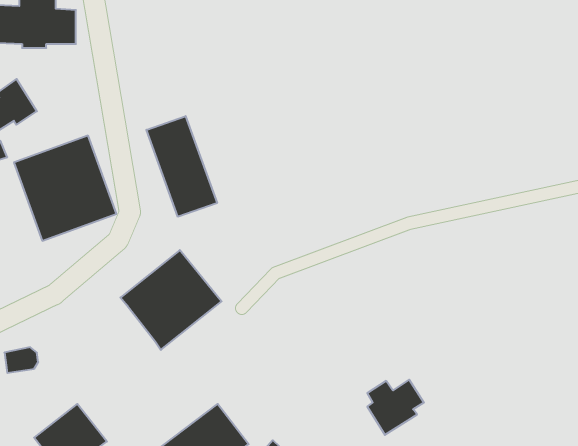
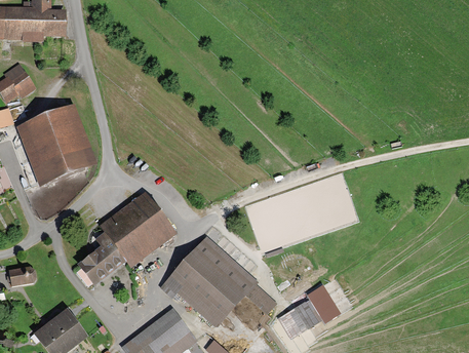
building: [146,116,217,217] -> none
building: none -> [75,234,125,287]
building: none -> [162,236,276,324]

